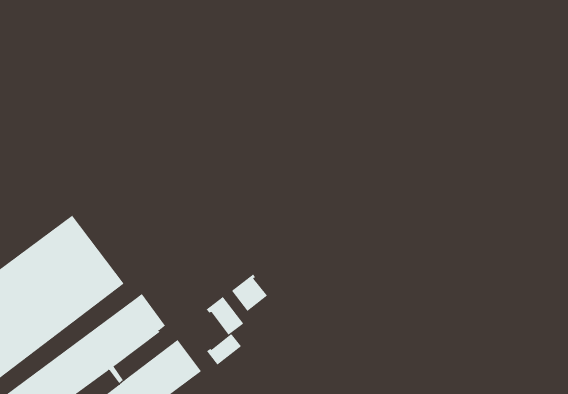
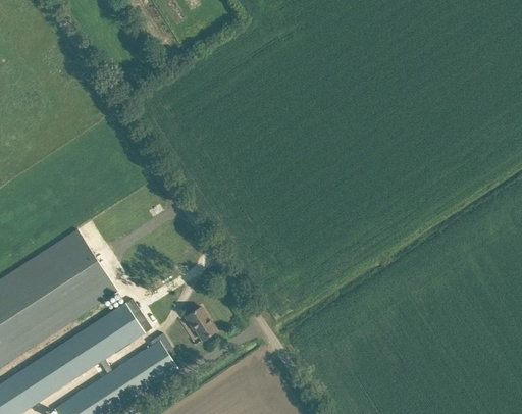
building: [231,273,268,312] -> none
building: [206,333,242,365] -> none

